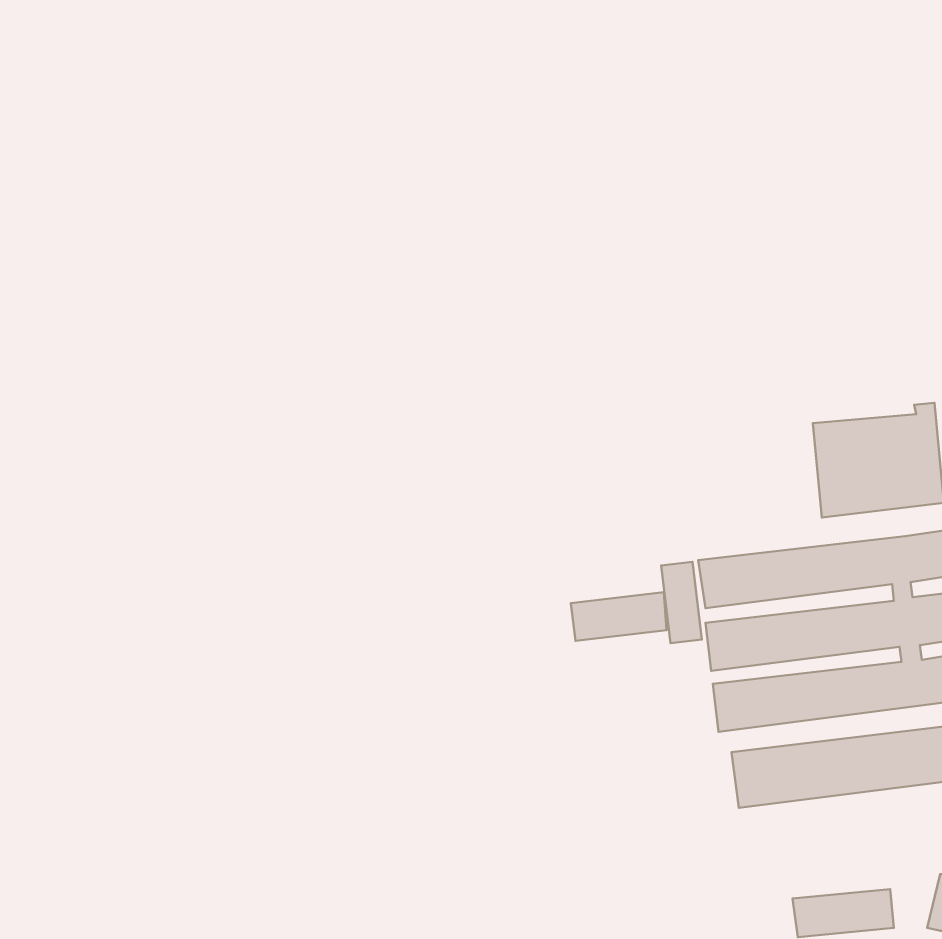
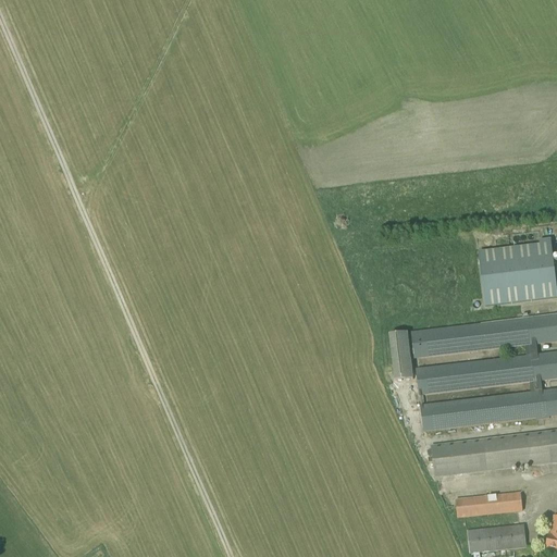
building: [571,592,666,641] -> none
building: none -> [457,491,524,517]

